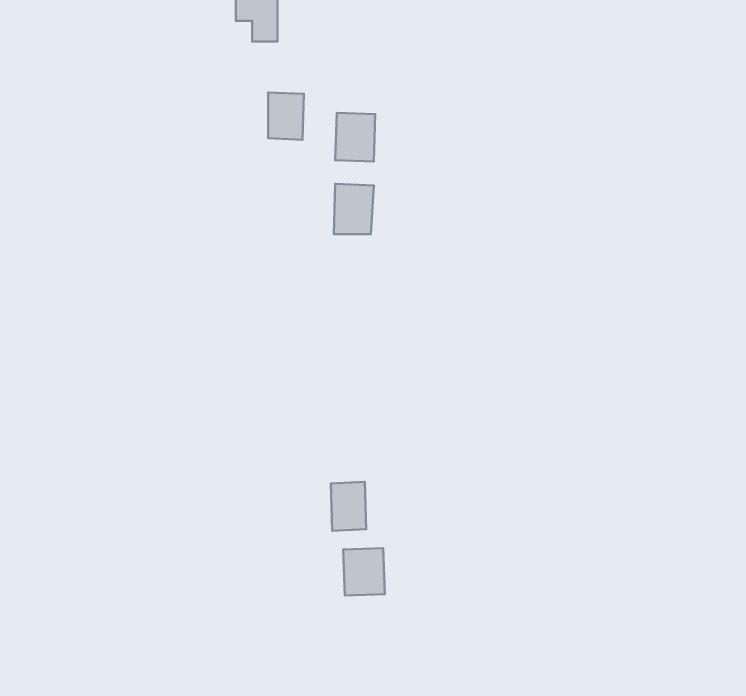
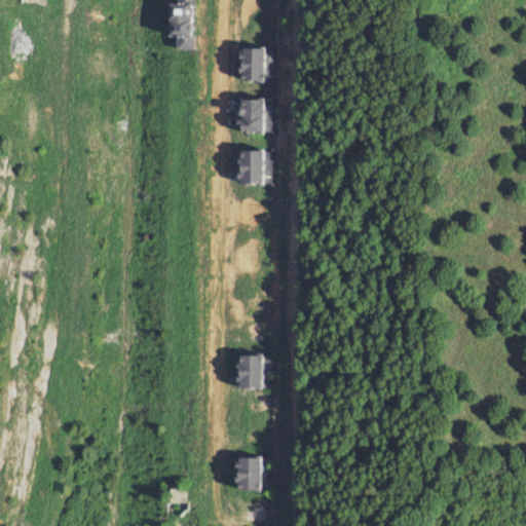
building: [268,92,304,140] -> [241,47,266,80]
building: [343,548,385,596] -> [233,458,262,491]

